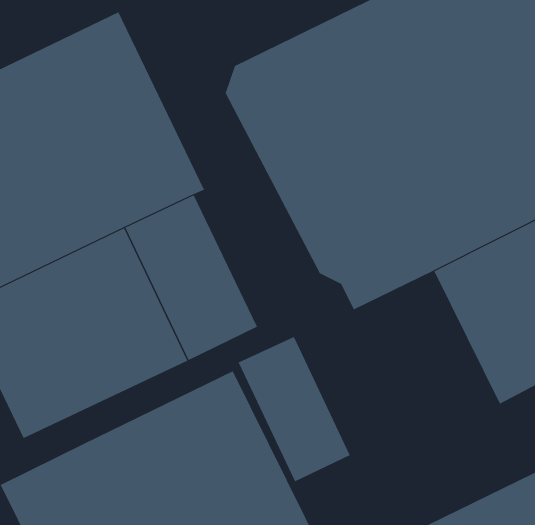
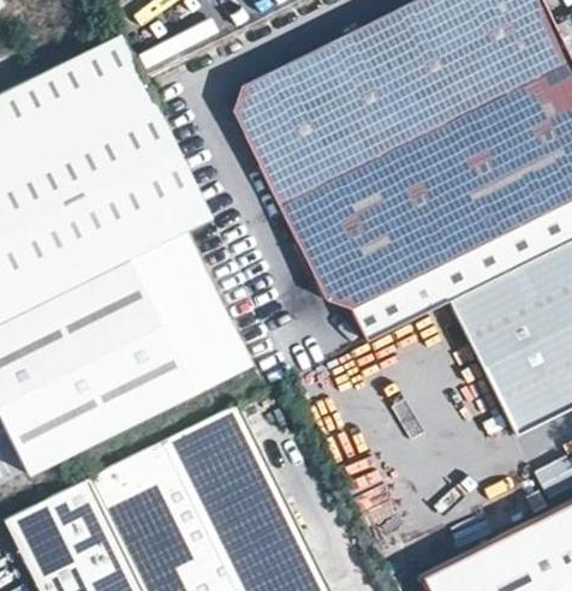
building: [238,336,351,482] -> none

